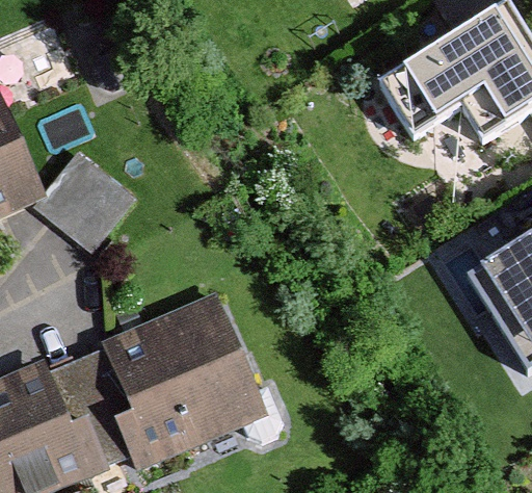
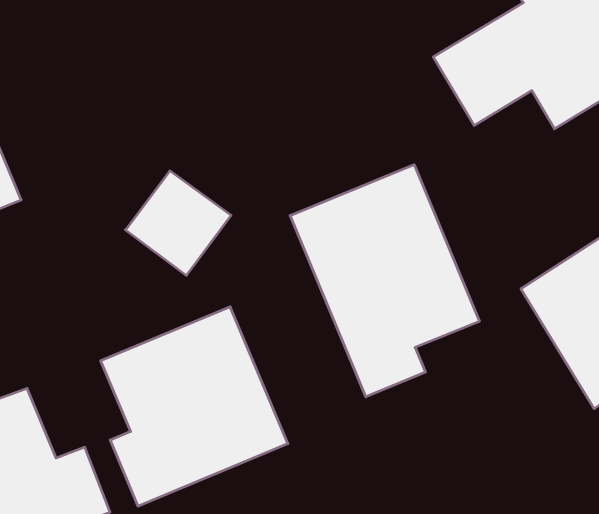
building: [38,158,130,249] -> [125,171,231,275]
building: none -> [290,165,479,397]

